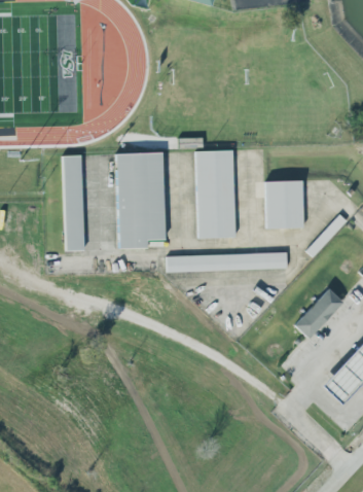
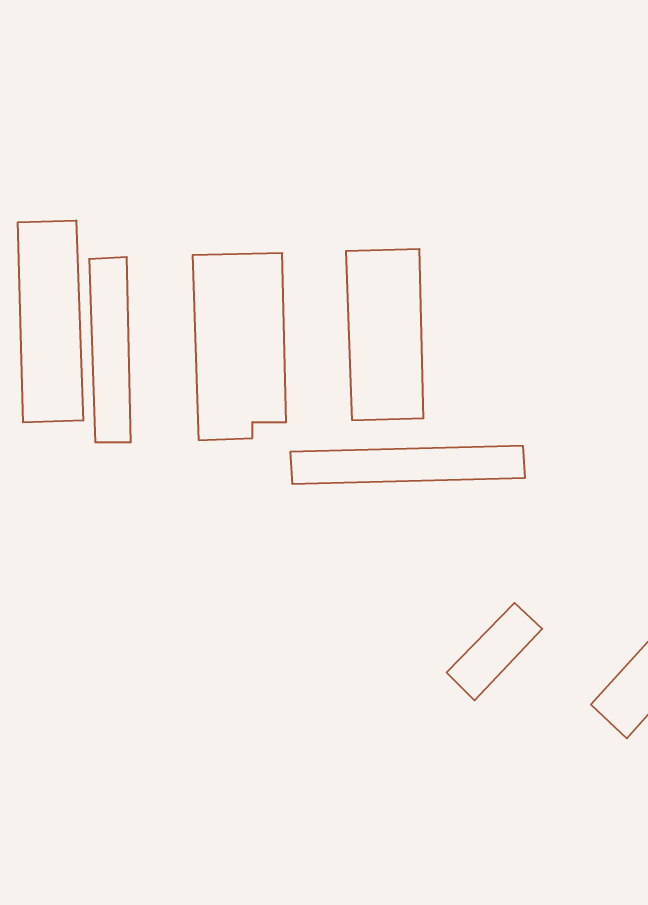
building: none -> [18,220,83,422]
building: [265,180,304,229] -> none
building: [294,288,343,339] -> [447,603,542,700]

